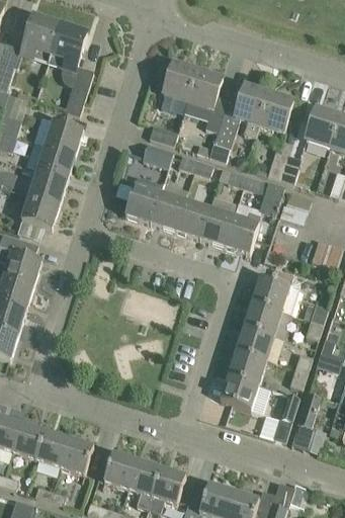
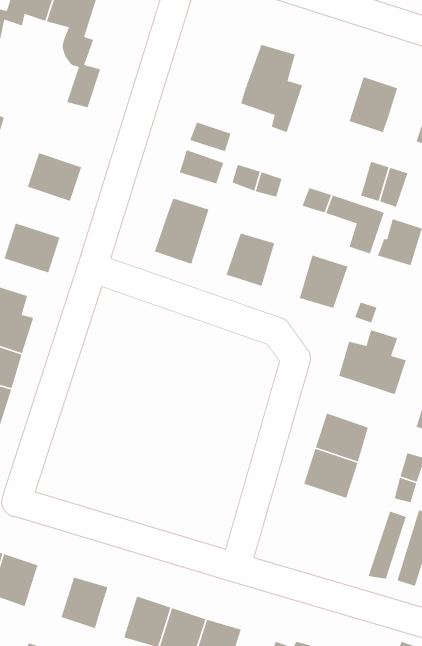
building: [163,62,198,101] -> none
building: [209,84,269,162] -> none
building: [45,118,83,155] -> none
building: [28,169,67,203] -> none
building: [151,184,184,230] -> none
building: [199,198,237,246] -> none
building: [244,299,293,338] -> none
building: [220,374,270,412] -> none
building: [35,430,69,466] -> none

